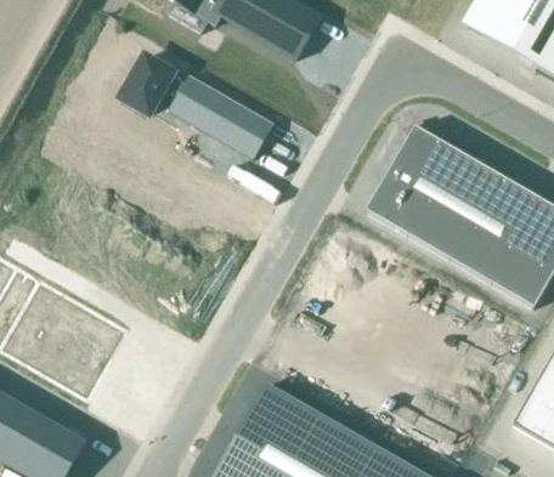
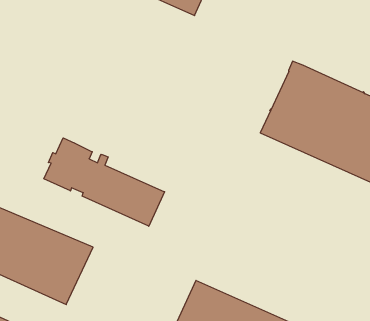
building: [120,55,275,164] -> none
building: none -> [44,138,165,226]

